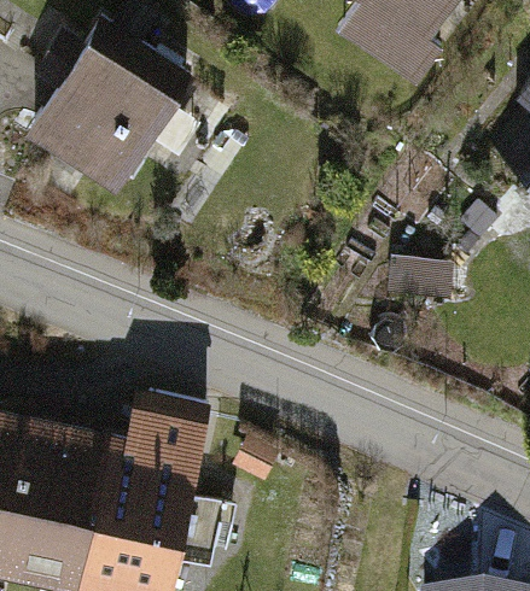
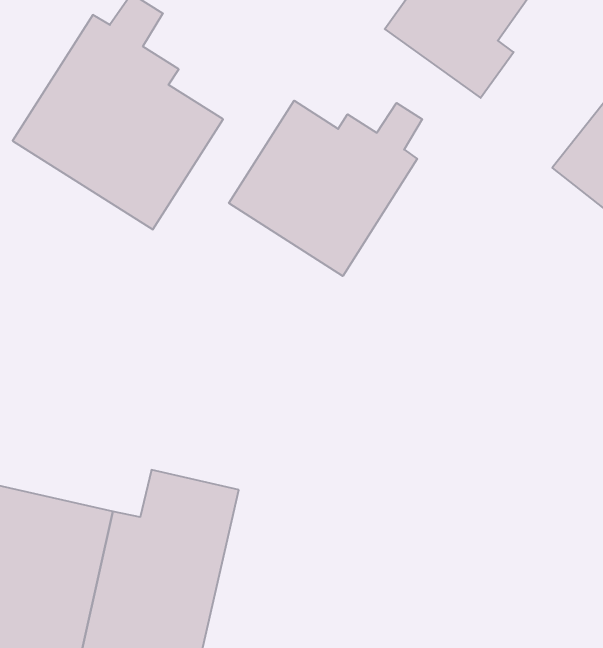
building: none -> [229,101,422,276]

